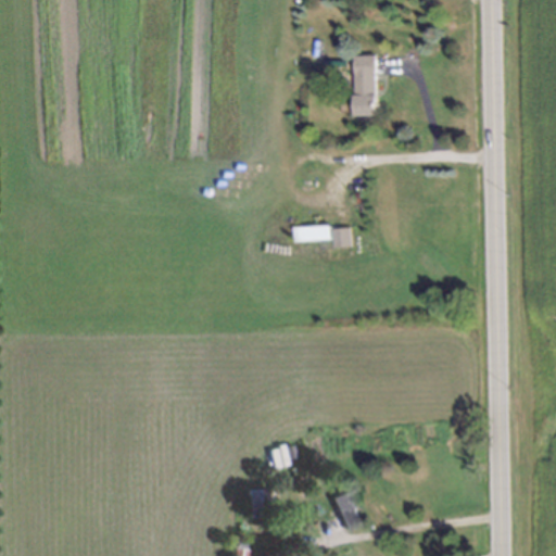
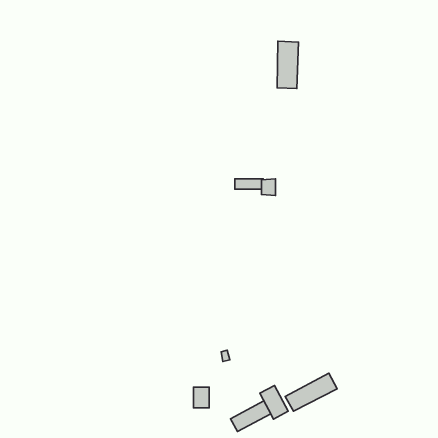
building: none -> [285,373,337,411]
building: none -> [231,401,271,432]

